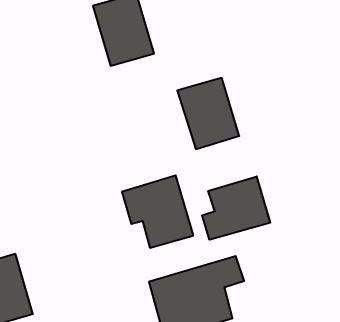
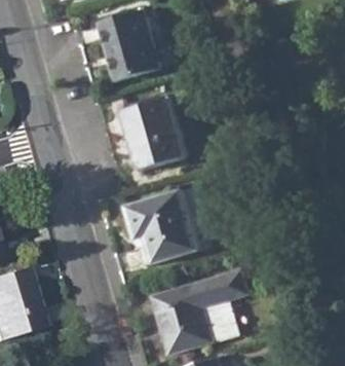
building: [177,78,239,149] -> [123,100,185,171]
building: [202,176,270,240] -> none

